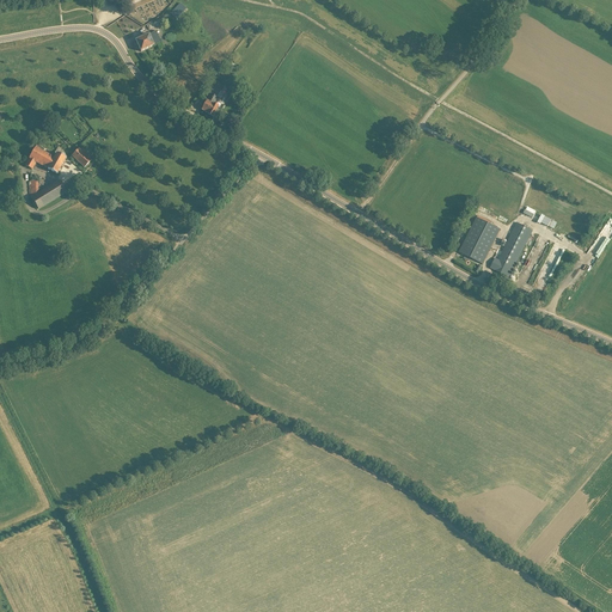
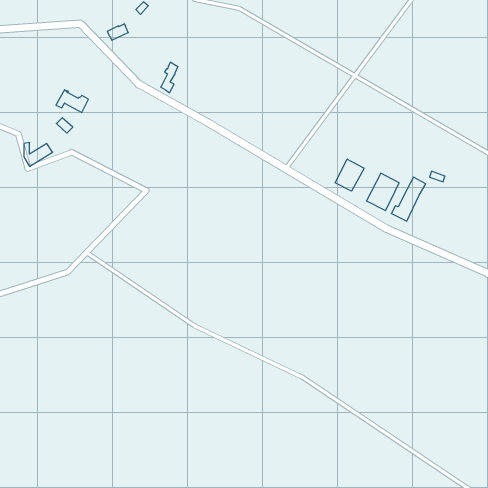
building: [24,145,65,173] -> [56,90,88,113]
building: none -> [335,159,364,191]

